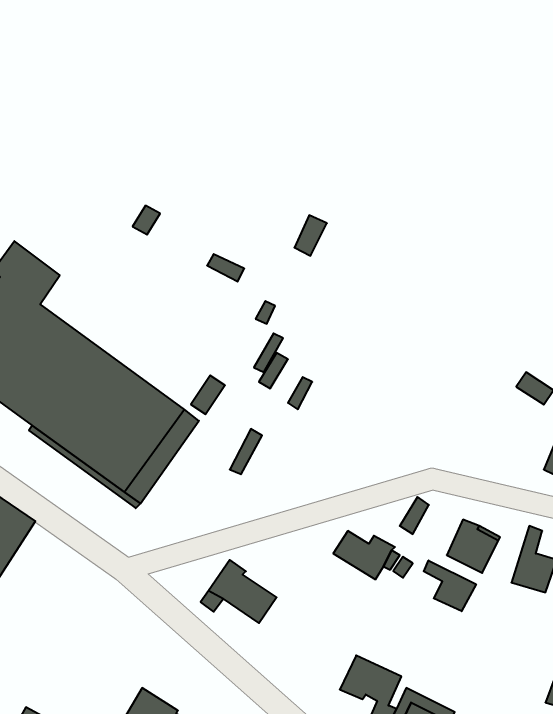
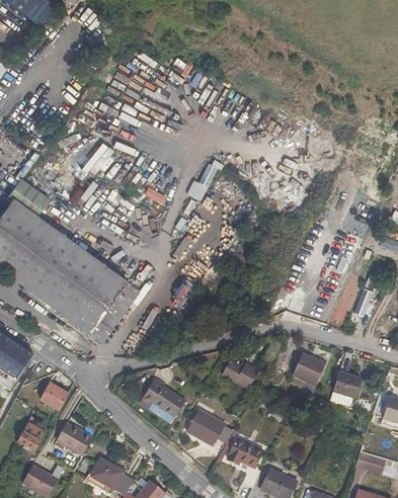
building: [424,560,476,611] -> none
building: none -> [41,383,68,409]
building: none -> [185,409,225,446]
building: none -> [17,422,44,449]
building: none -> [56,424,91,458]

